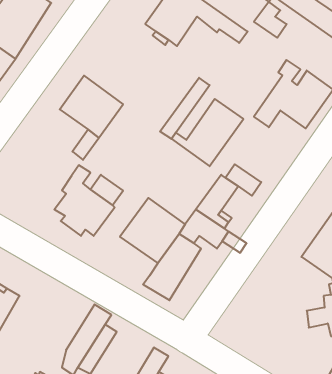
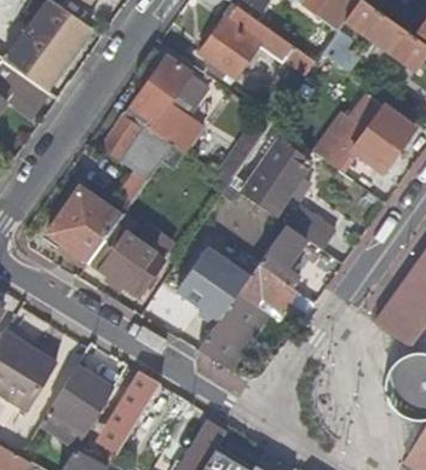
building: none -> [129,57,207,150]
building: none -> [48,186,121,261]
building: none -> [50,365,115,433]

